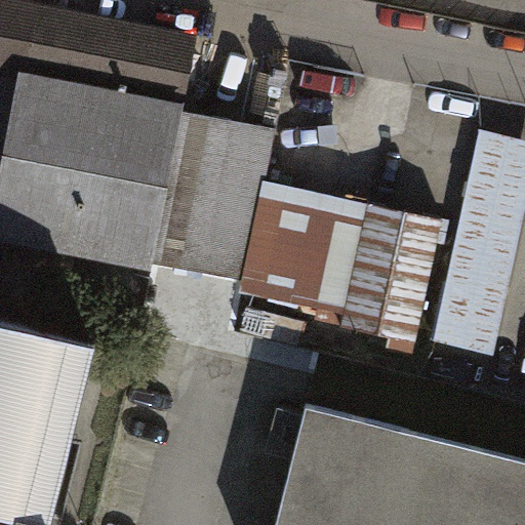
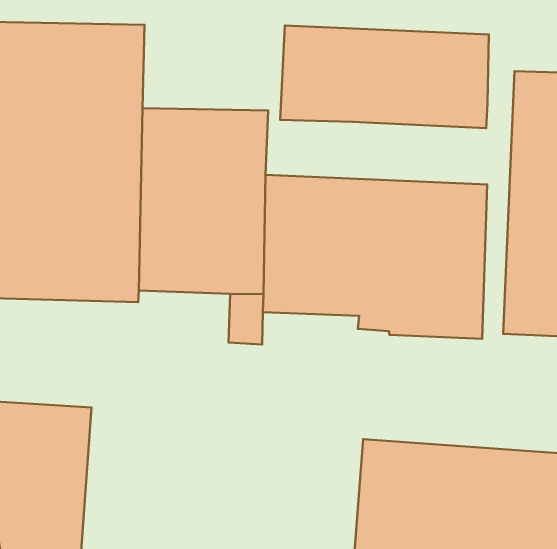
building: none -> [280,26,489,128]

